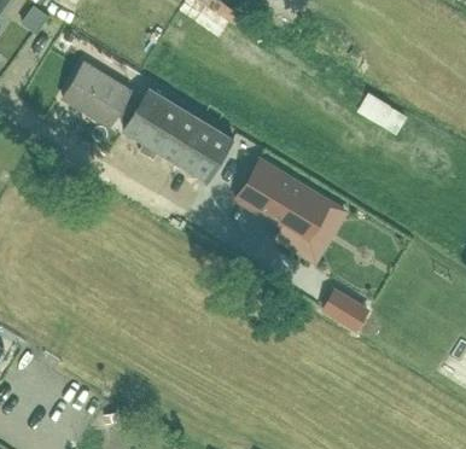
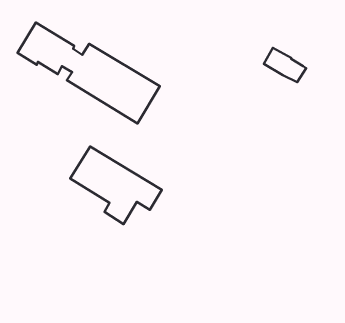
building: [235,158,345,251] -> [70,146,162,224]
building: [325,296,369,334] -> none

